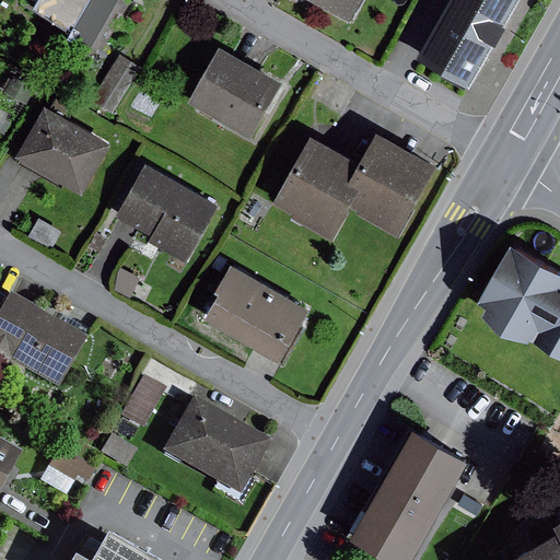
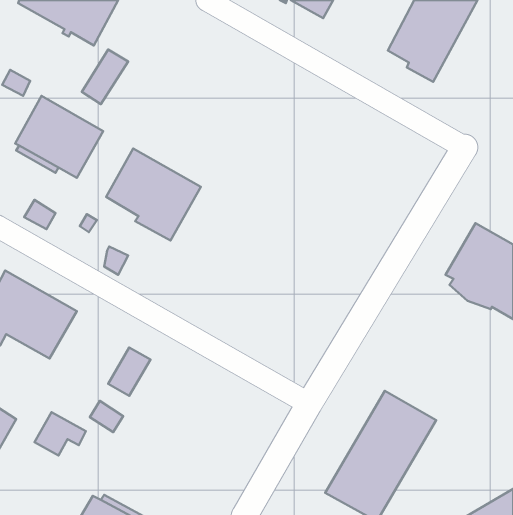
building: [187,46,281,137] -> none
building: [271,131,436,237] -> none
building: [205,264,311,362] -> none
building: [159,398,267,497] -> none

